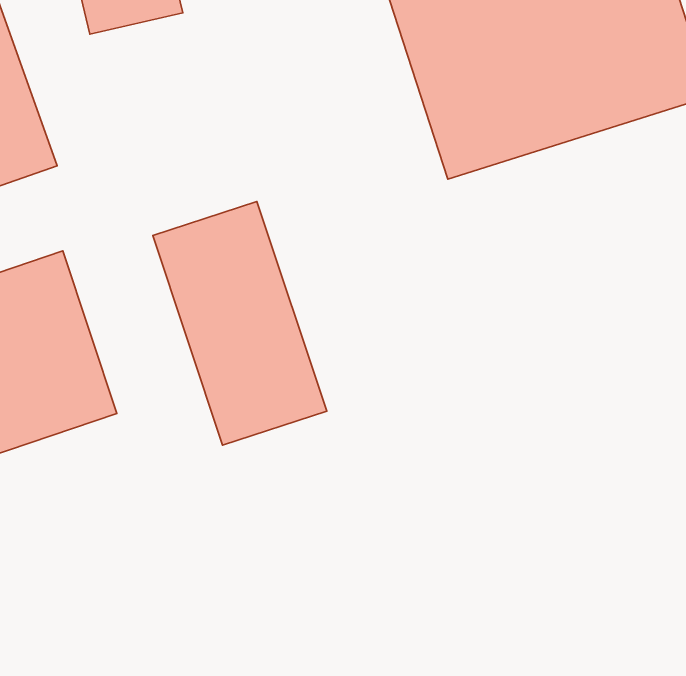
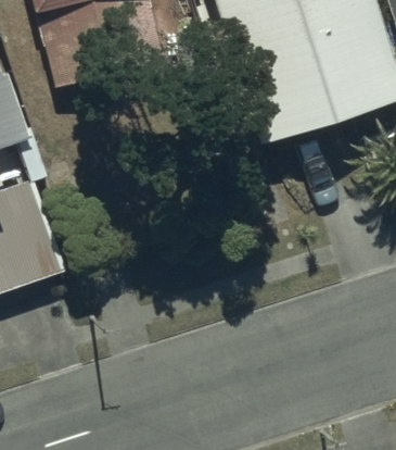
building: [153,201,327,445] -> none

